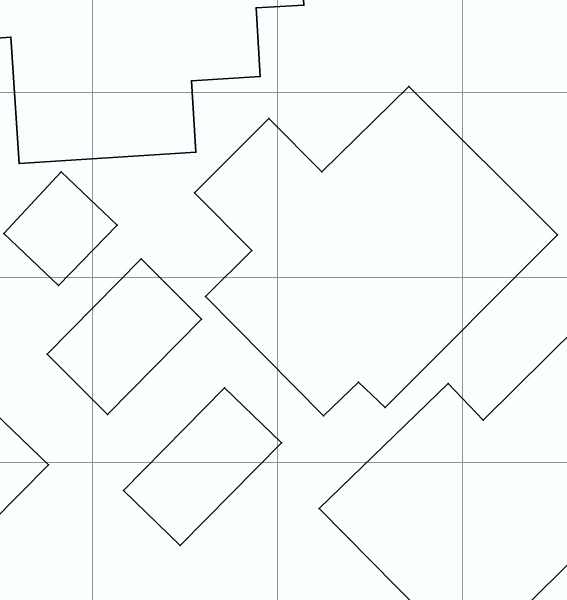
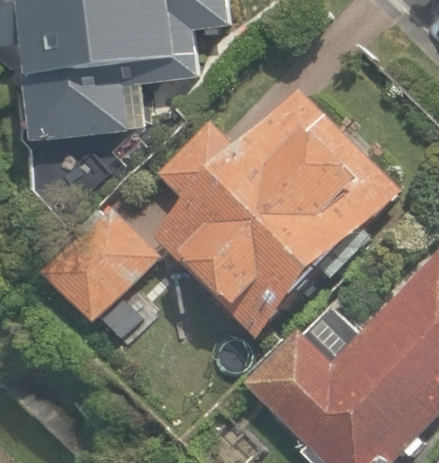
building: [123,388,281,546] -> none

